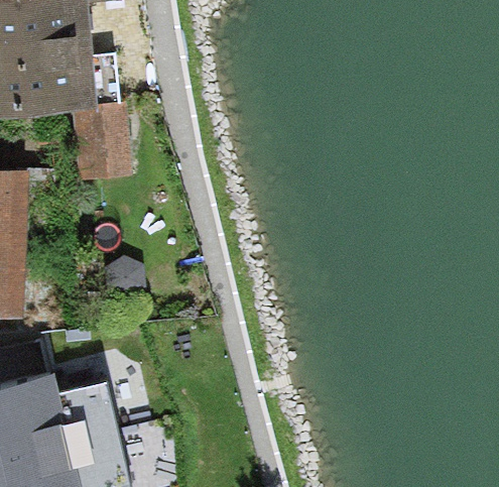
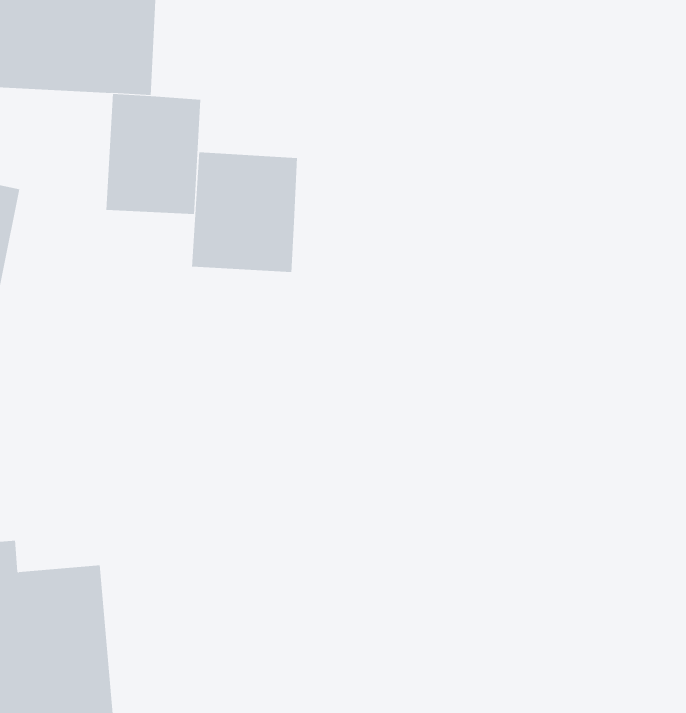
building: none -> [192,152,297,273]

